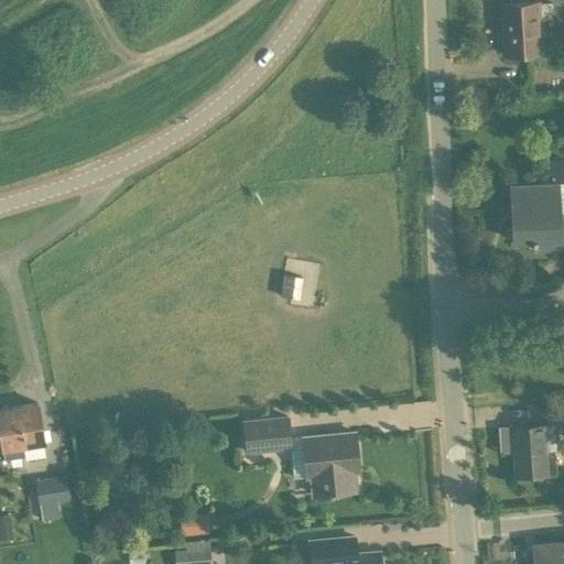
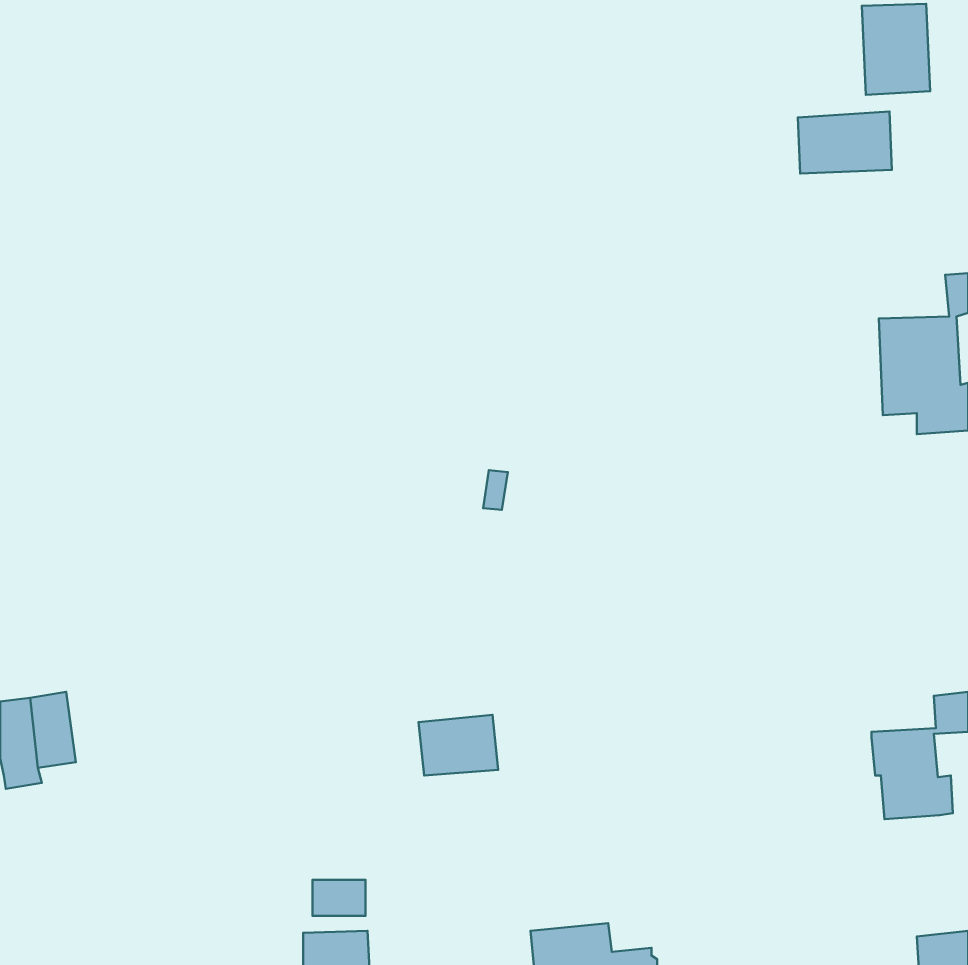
building: none -> [798,112,892,174]
building: [302,434,358,497] -> none
building: [34,476,70,521] -> none

